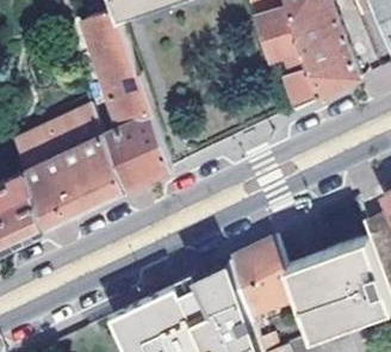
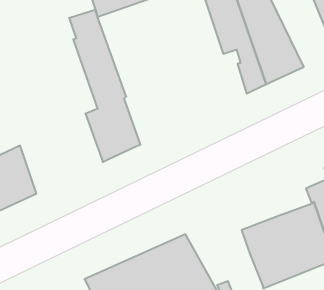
building: [18,106,125,229] -> none
building: [232,241,297,316] -> none

